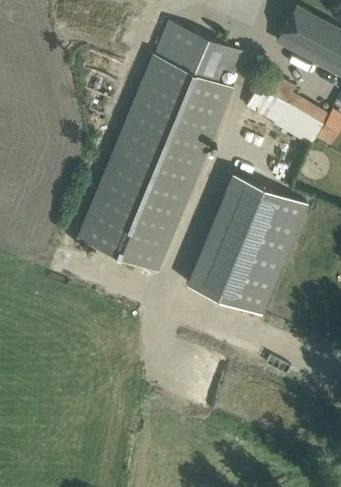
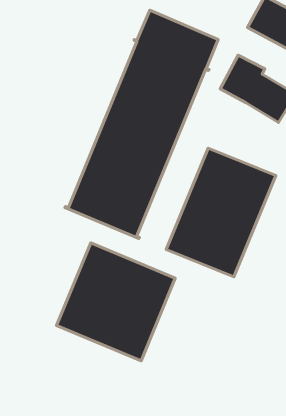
building: none -> [57,243,175,361]

